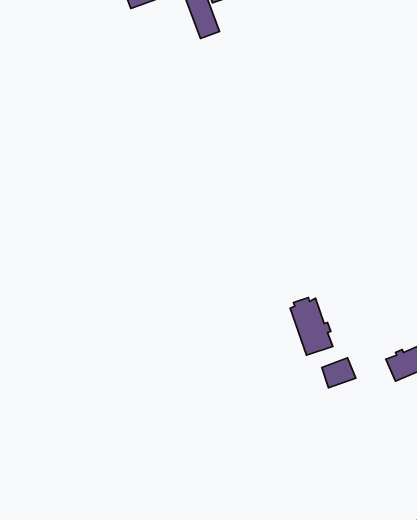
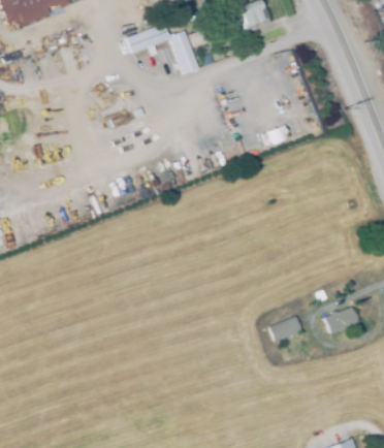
building: [290,298,333,355] -> none

